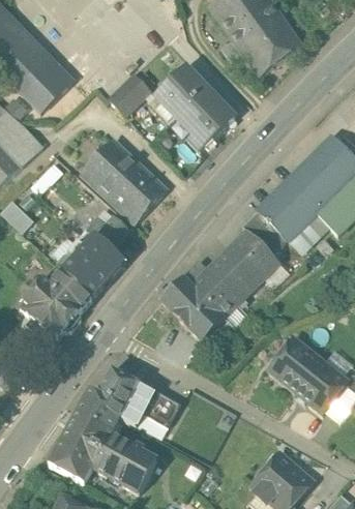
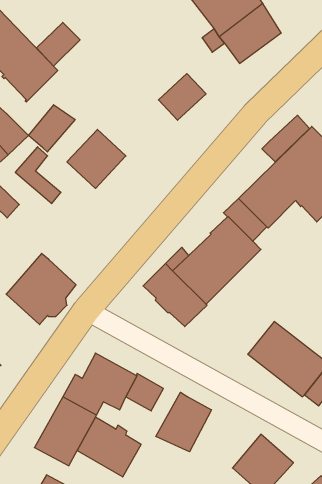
building: [155,62,204,110] -> none
building: [107,71,151,116] -> [36,22,80,66]
building: [187,103,236,151] -> [262,115,310,162]
building: none -> [28,105,75,152]
building: [111,167,165,220] -> none
building: [63,213,129,298] -> none
building: none -> [156,392,211,452]

